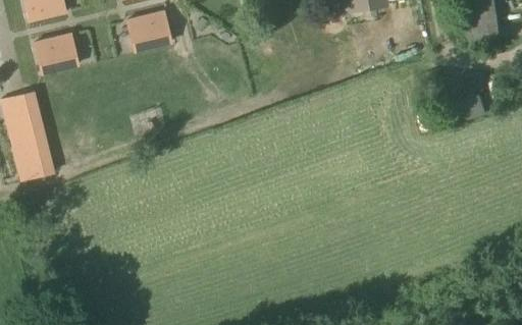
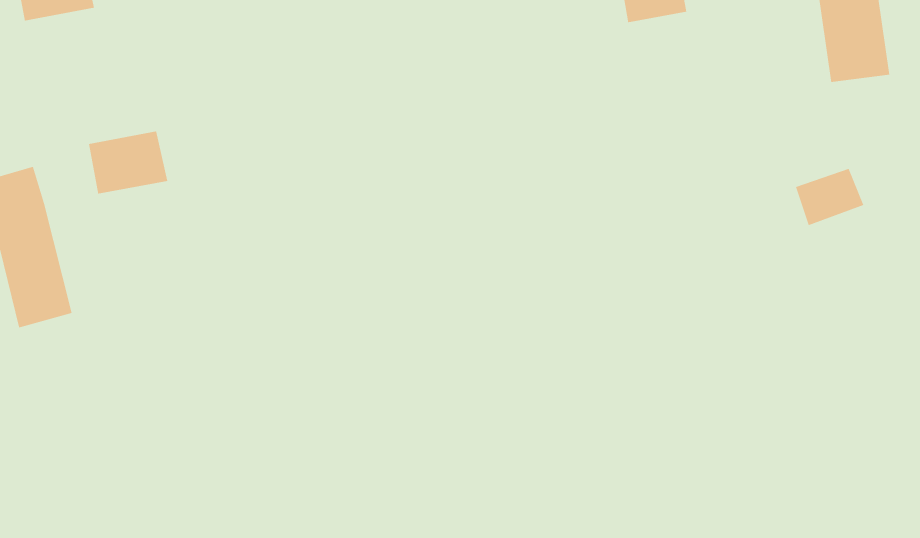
building: [124,10,167,45] -> none
building: [32,28,75,62] -> [88,131,168,194]

